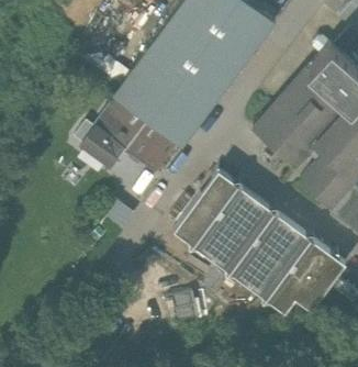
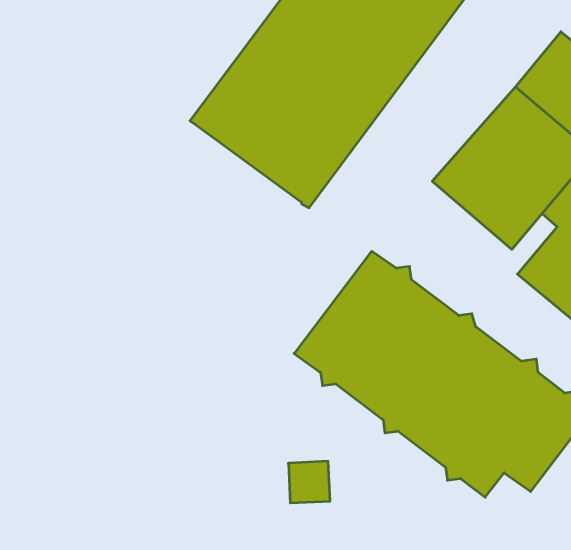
building: [82,94,179,170] -> none

